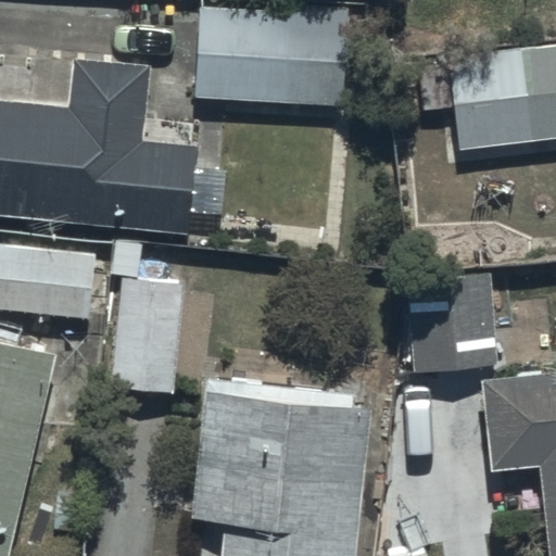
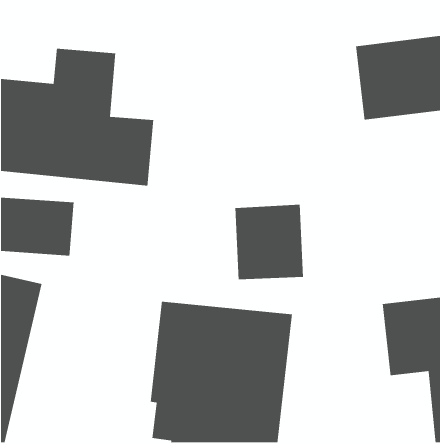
building: [197,12,345,105] -> none
building: [407,276,494,371] -> [235,204,304,280]
building: [113,280,182,391] -> none

